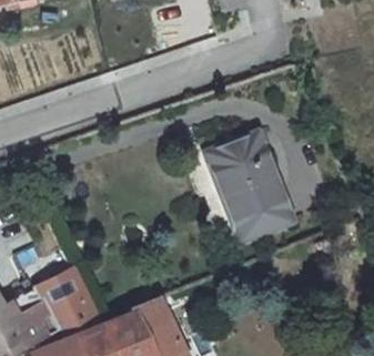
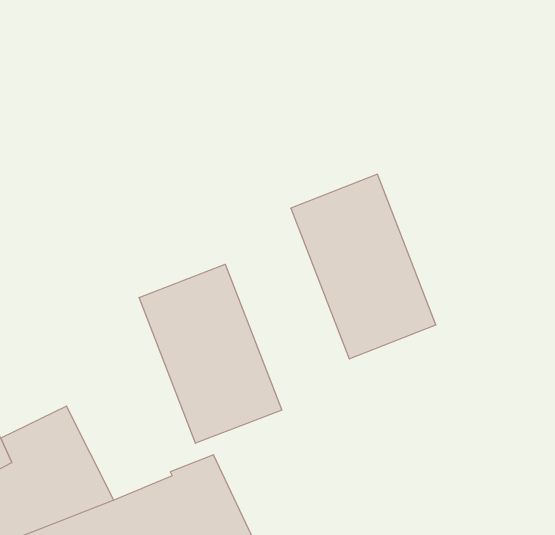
building: none -> [139,264,282,443]

